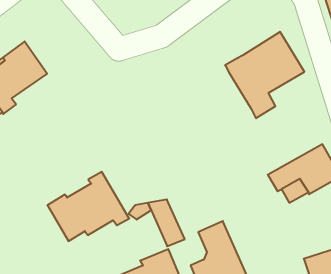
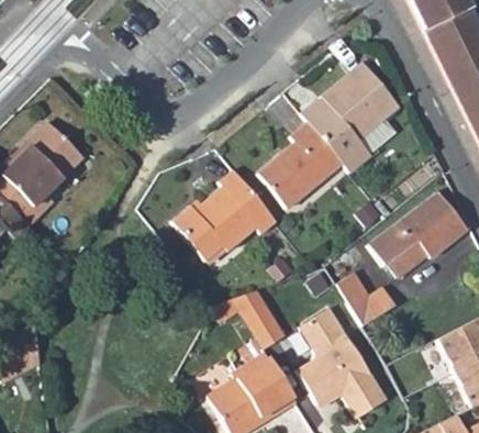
building: none -> [260,122,344,208]
building: [47,172,129,241] -> [174,169,278,262]
building: none -> [337,271,398,326]

